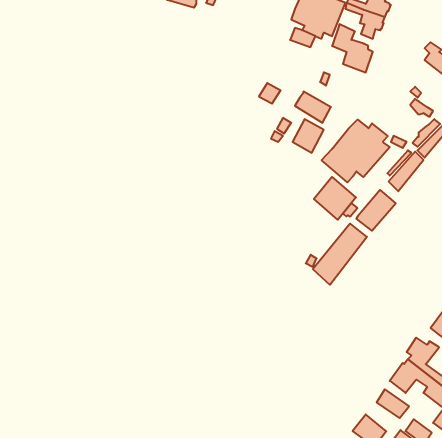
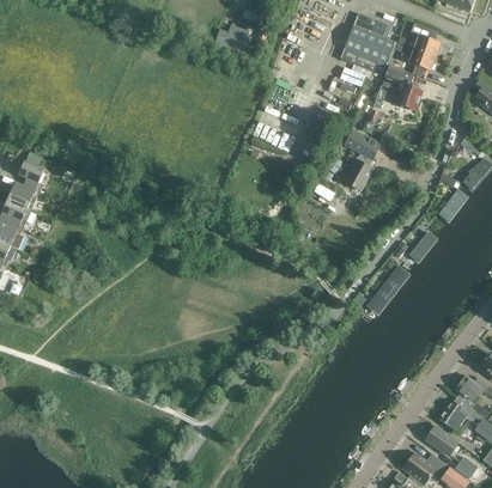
building: [322,120,390,182] -> none
building: [314,177,356,220] -> none

